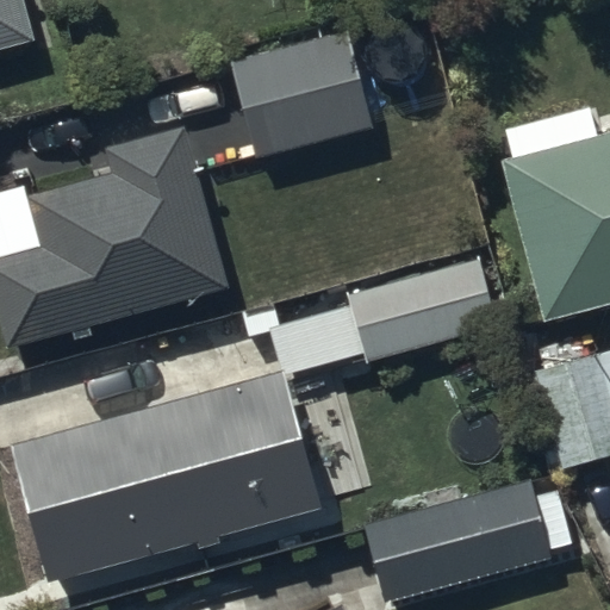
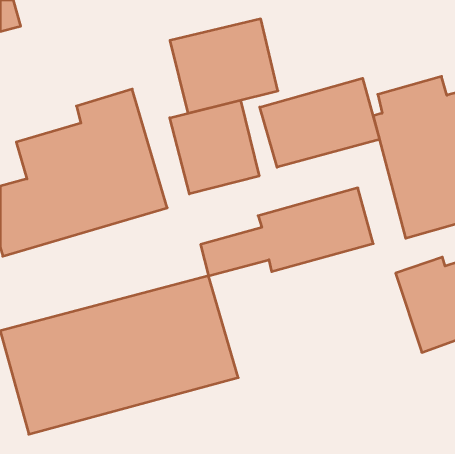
building: none -> [260,78,379,167]
building: none -> [170,100,259,194]
building: [368,485,549,604] -> none

